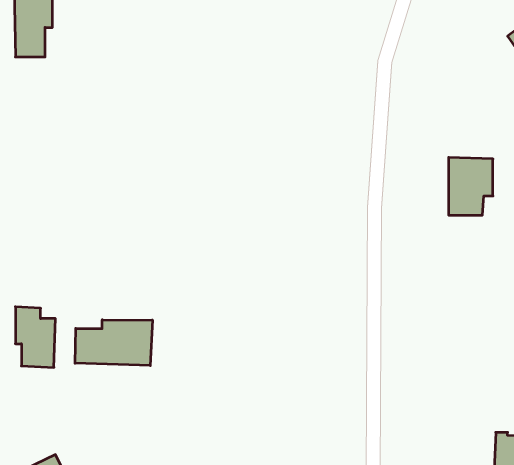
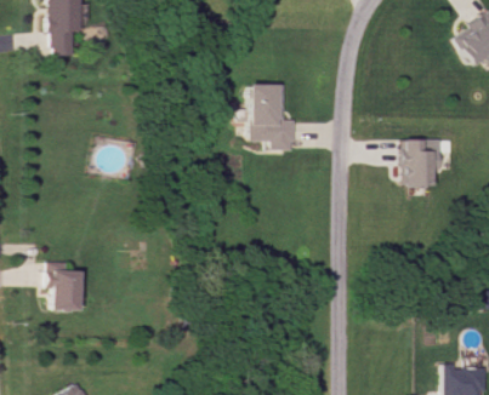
building: none -> [250,82,296,150]
building: [75,320,152,366] -> none

